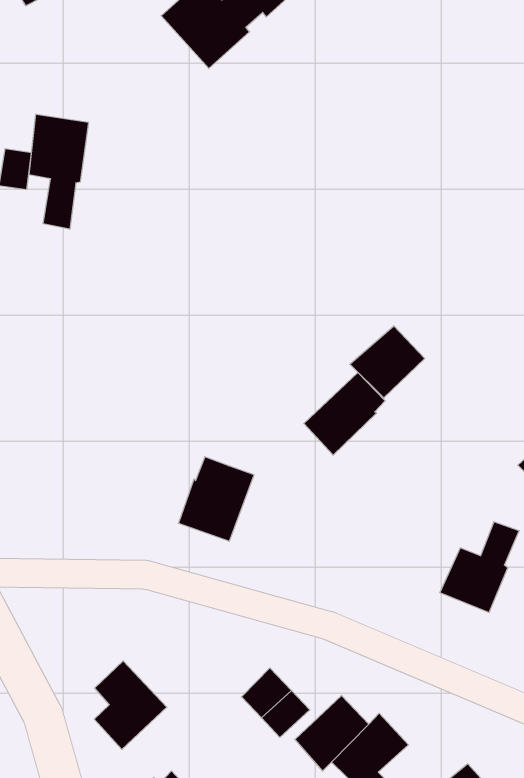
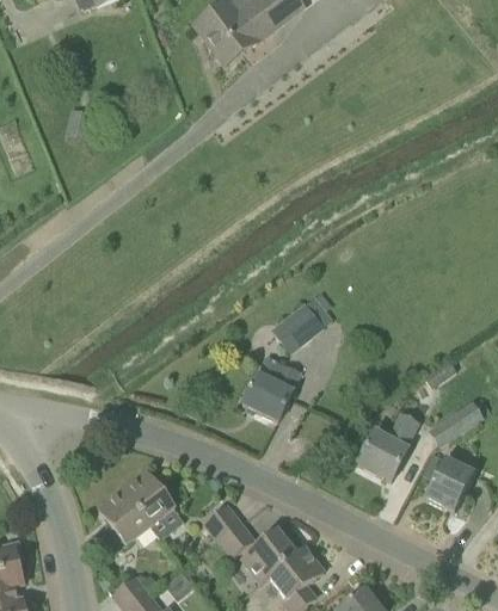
building: [29,114,88,229] -> none
building: [350,326,425,398] -> none
building: [178,457,254,541] -> [242,357,301,420]
building: none -> [122,471,174,526]

